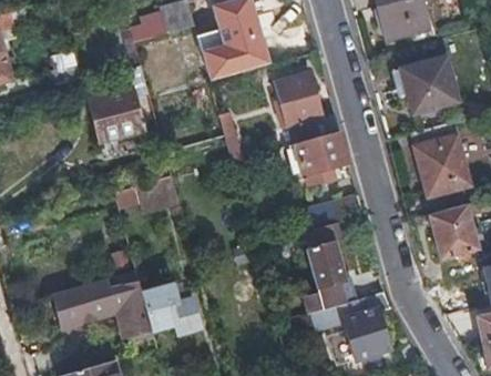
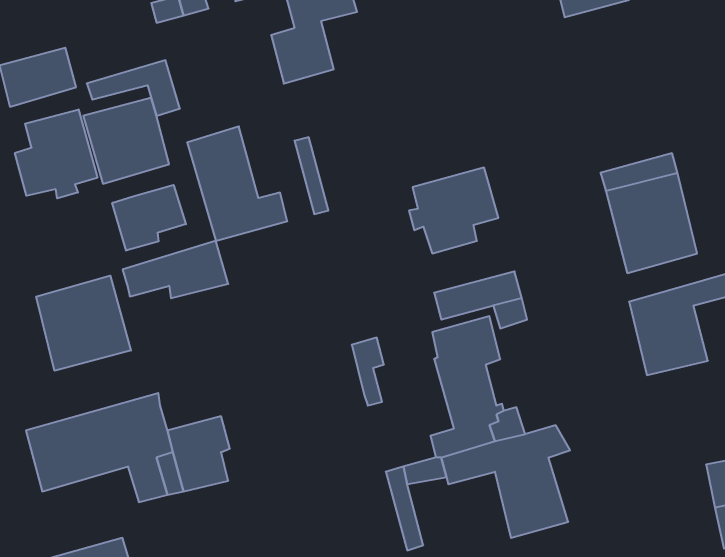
building: [401,55,458,113] -> none
building: [276,72,338,143] -> [187,126,287,241]
building: none -> [15,109,97,198]
building: none -> [112,185,186,251]
building: none -> [36,276,131,371]

